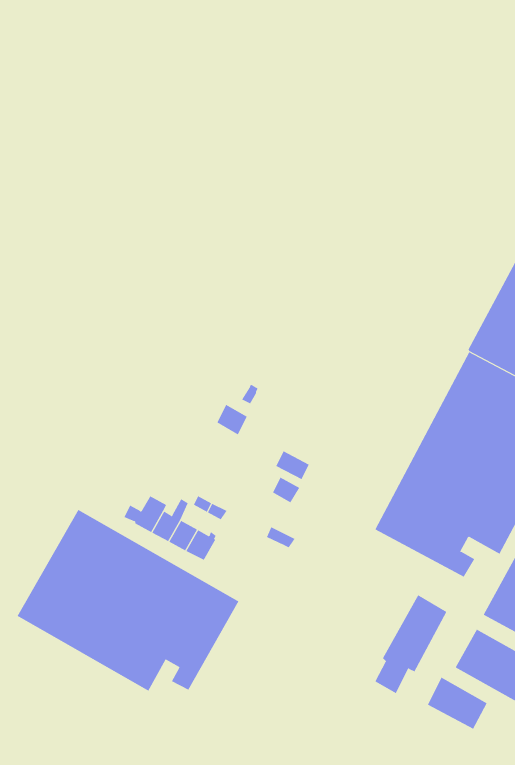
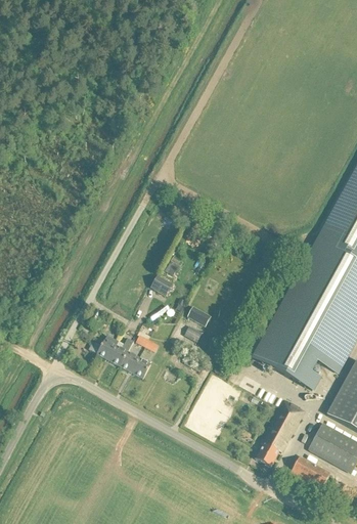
building: [17,509,239,691] -> none

